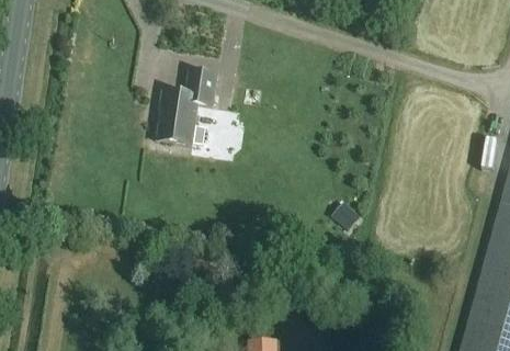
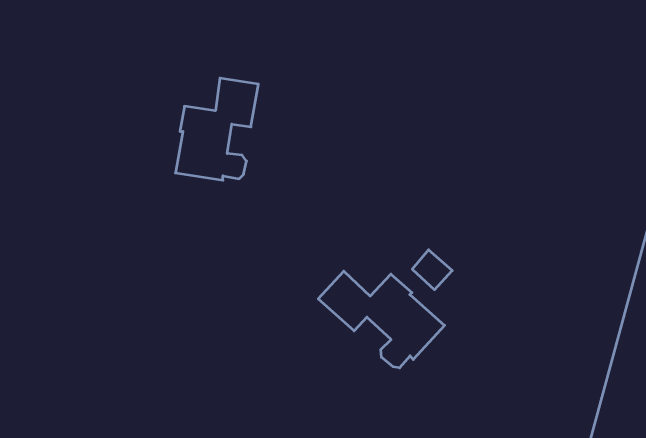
building: none -> [318,271,445,368]

